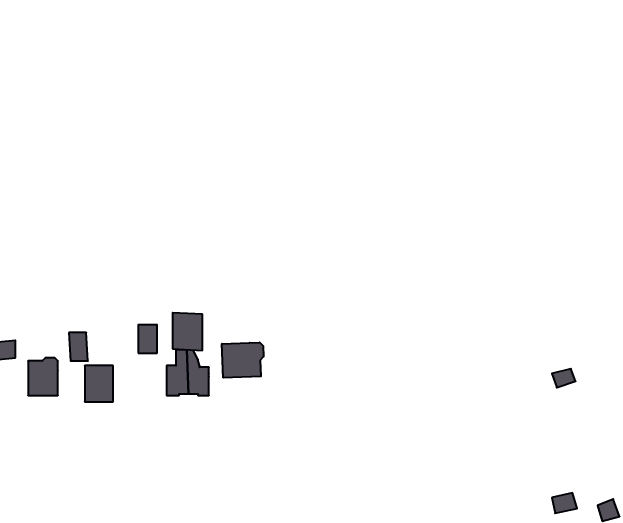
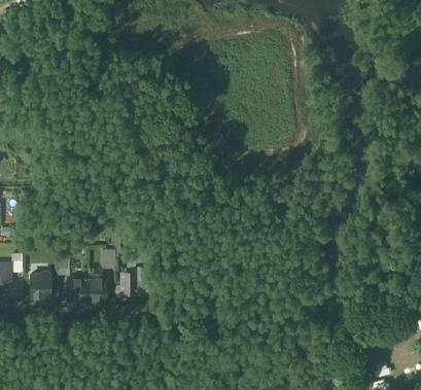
building: [173,313,202,350] -> [85,277,105,302]
building: [222,342,264,378] -> none

